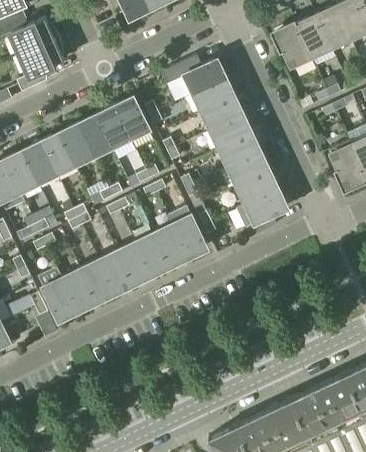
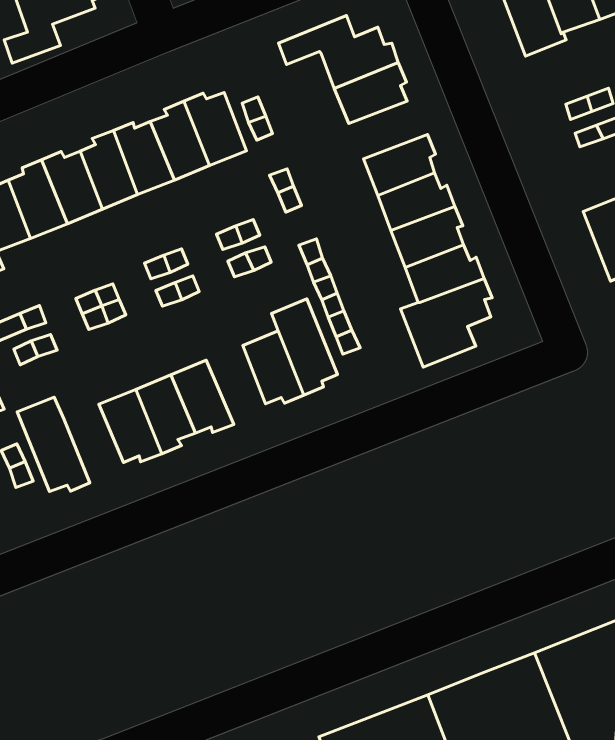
building: [202,98,244,130] -> none
building: [135,233,168,275] -> none
building: [62,269,95,311] -> none

